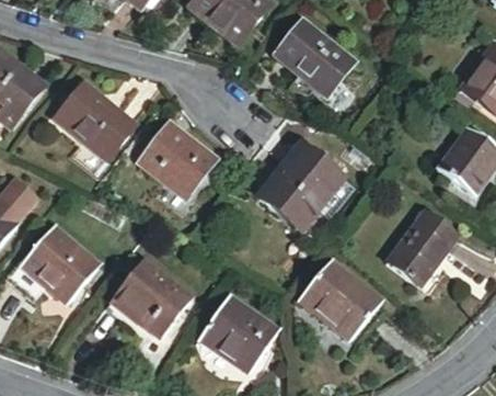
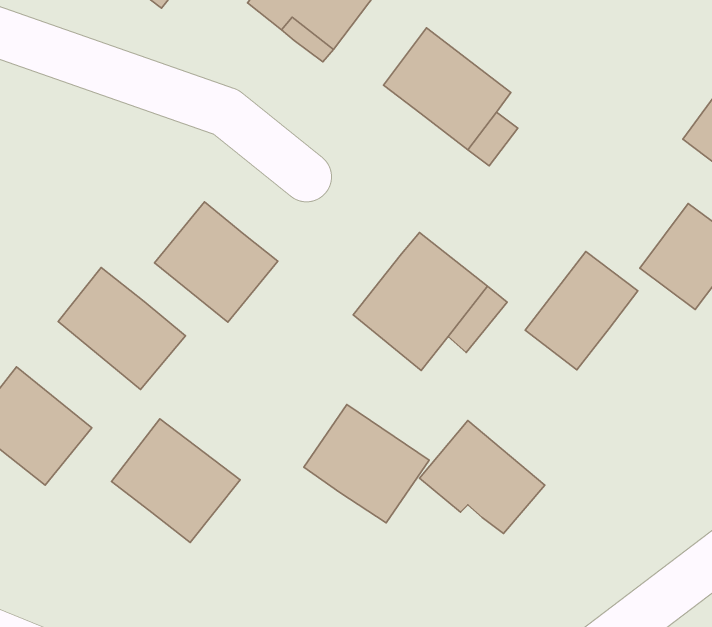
building: [58,87,136,161] -> [58,268,185,390]
building: [388,215,457,287] -> [525,251,638,370]
building: [199,296,276,369] -> [304,404,429,523]

